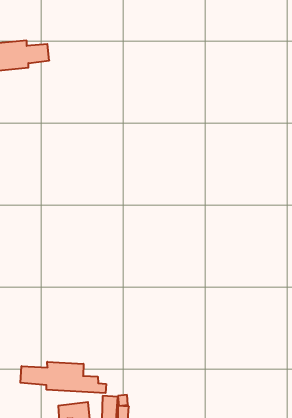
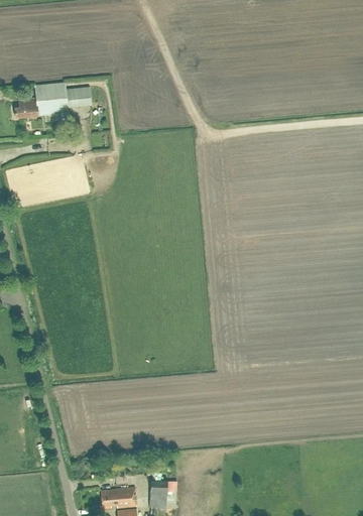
building: [20,362,106,393] -> none

